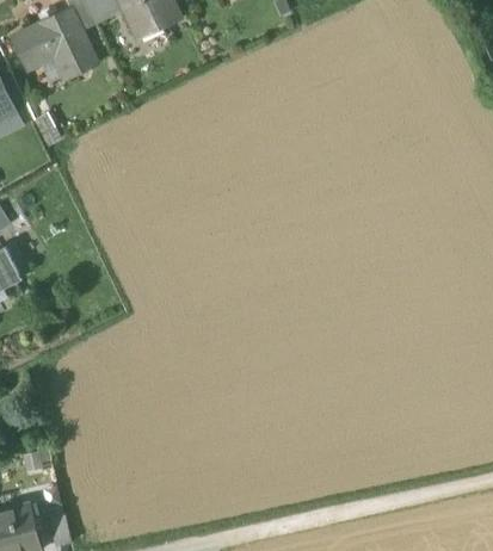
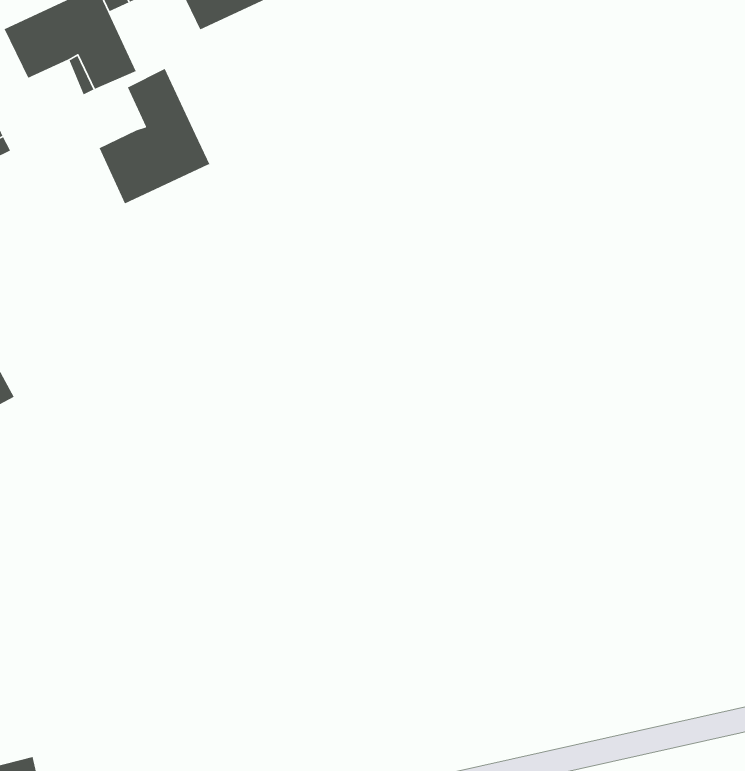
building: none -> [99,68,211,204]

